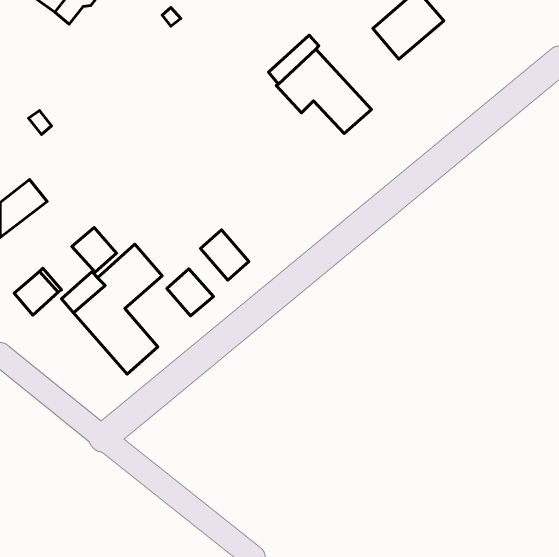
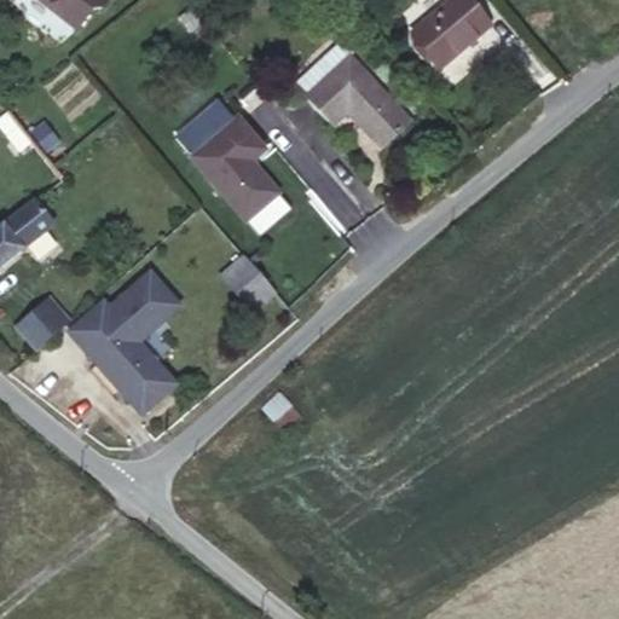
building: none -> [177,99,278,219]
building: [72,228,116,272] -> none
building: [167,269,214,316] -> none

